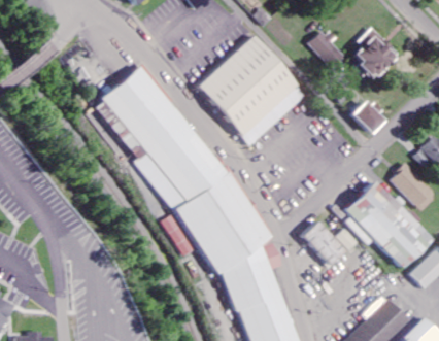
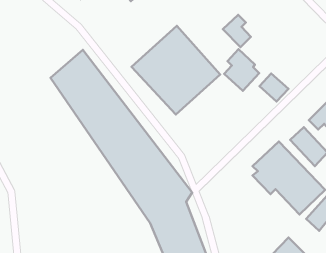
building: [353,25,396,75] -> [224,49,259,91]
building: [303,218,358,265] -> none

